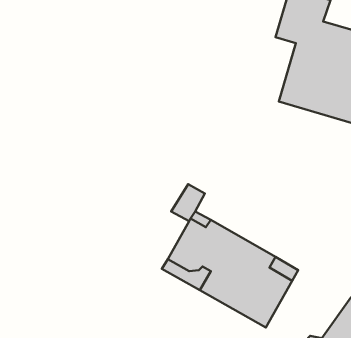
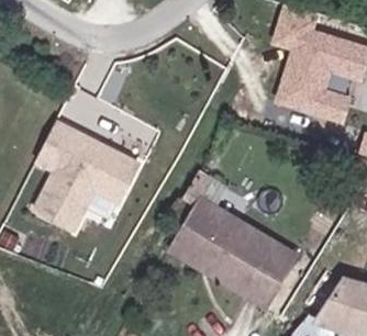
building: none -> [35,123,138,229]

